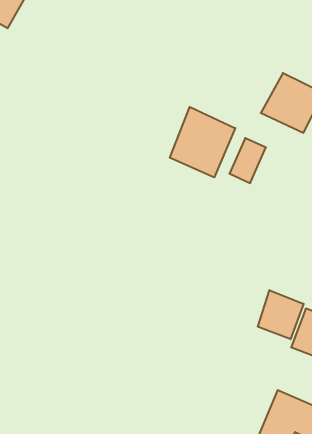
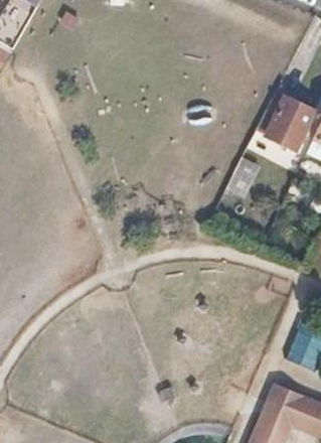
building: [170,107,235,177] -> none
building: [258,290,304,339] -> none

